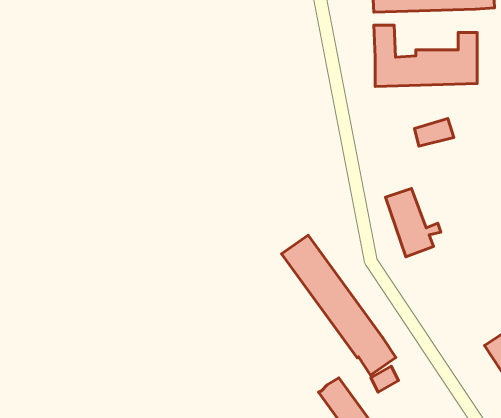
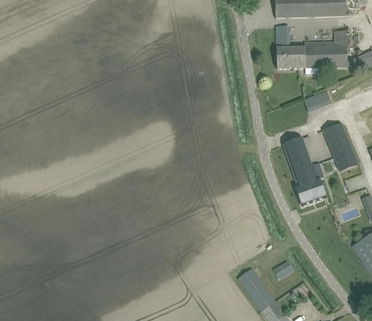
building: none -> [323,123,359,171]
building: [282,235,396,375] -> none
building: none -> [296,177,326,206]

